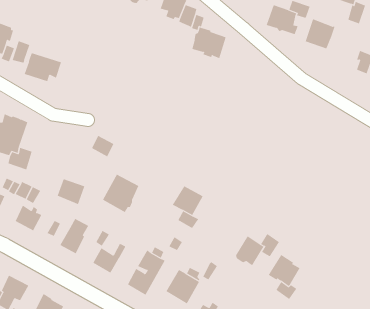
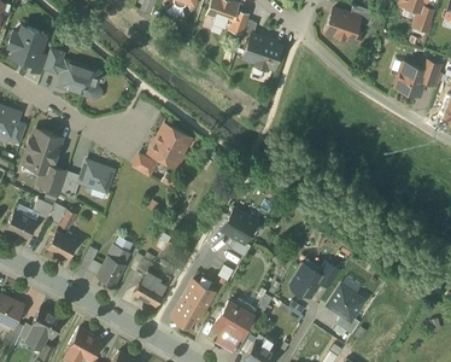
building: [305,19,336,49] -> [396,62,429,95]
building: [102,174,139,213] -> [150,124,191,168]
building: [57,179,85,205] -> [81,162,112,191]

